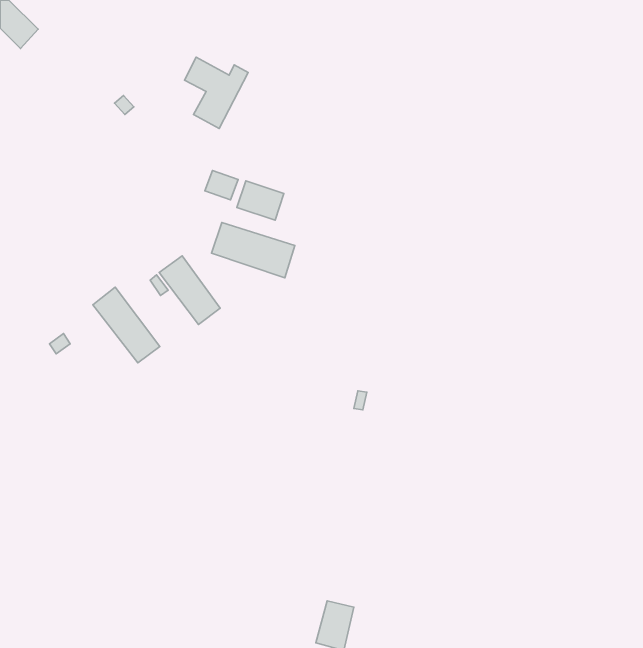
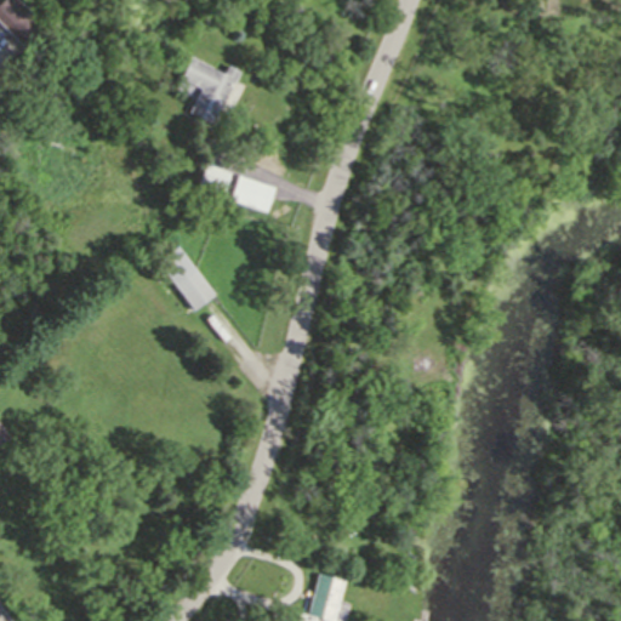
building: [211,222,295,278] -> none
building: [93,287,160,363] -> none

